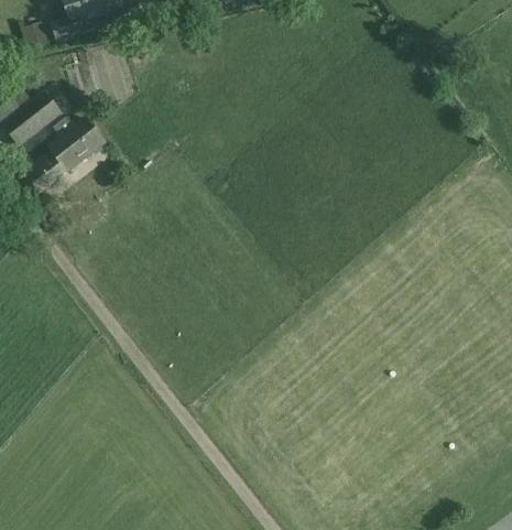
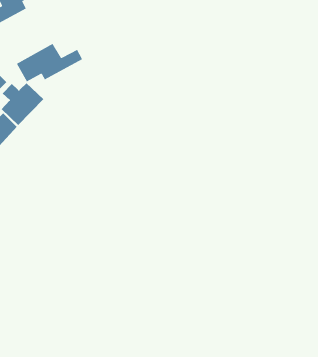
building: none -> [16,43,83,83]

